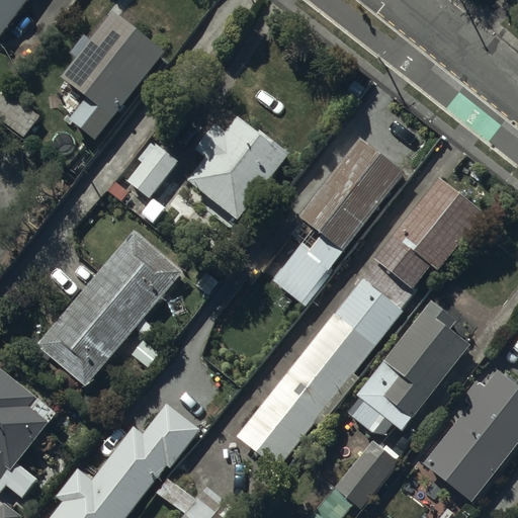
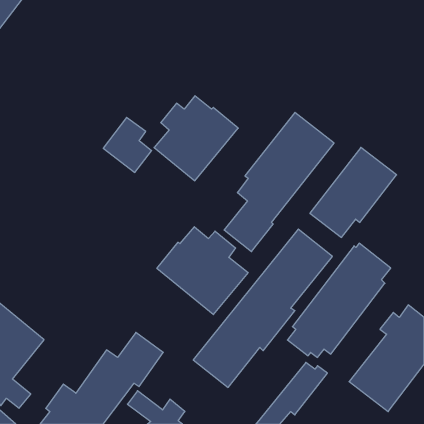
building: [62,12,165,139] -> none
building: [37,229,183,385] -> none
building: none -> [157,227,248,315]

